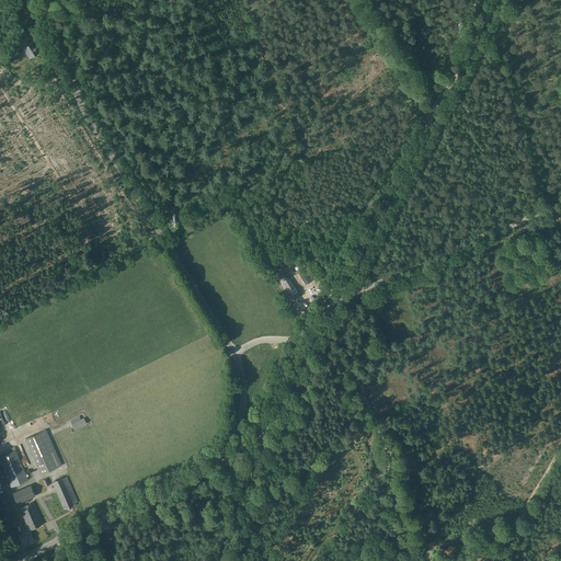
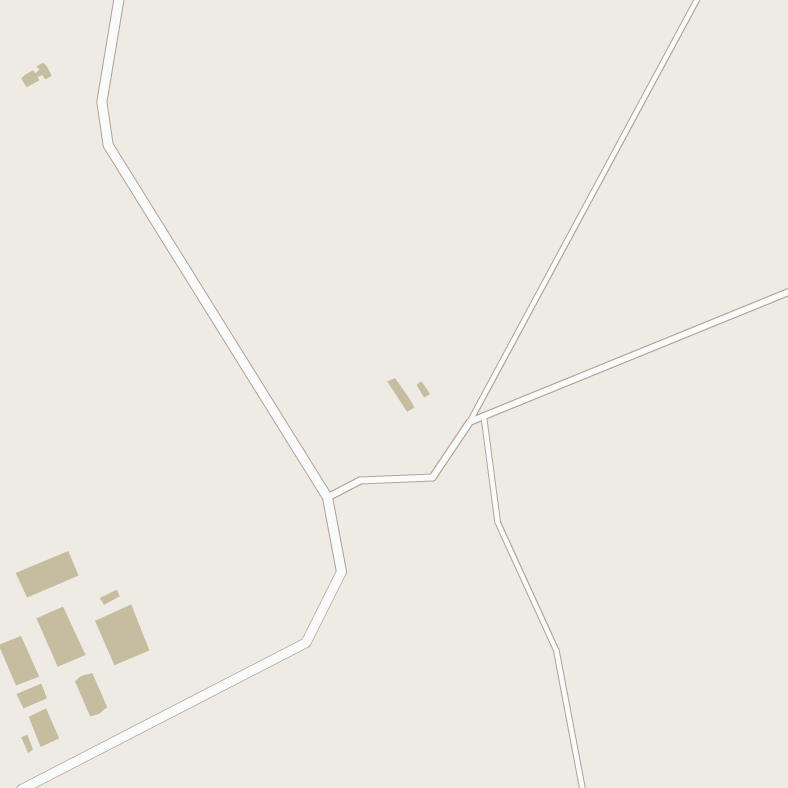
building: none -> [15,550,79,599]
building: none -> [94,604,150,666]

